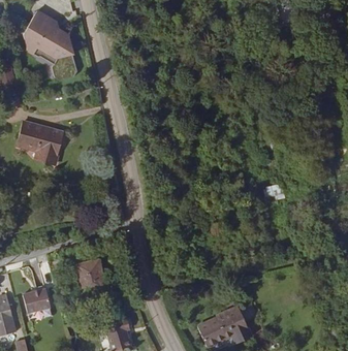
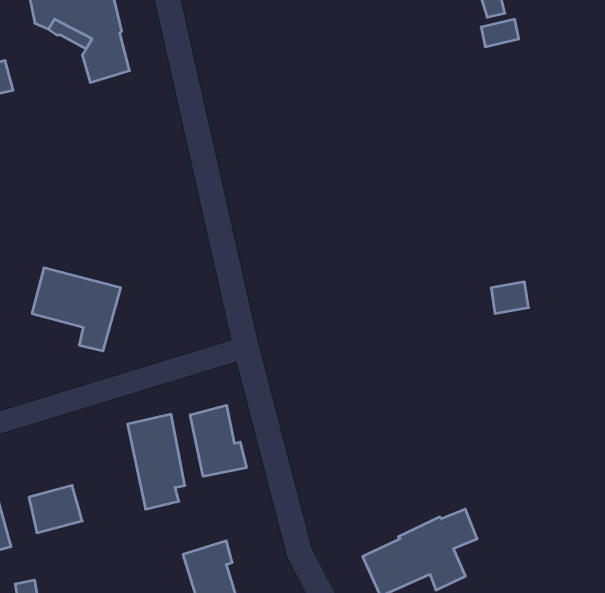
building: [17,122,63,165] -> [32,268,121,351]
building: none -> [190,405,246,476]

